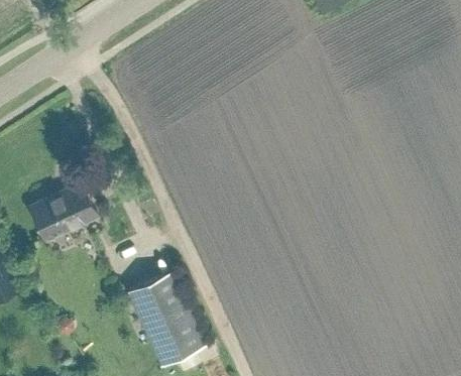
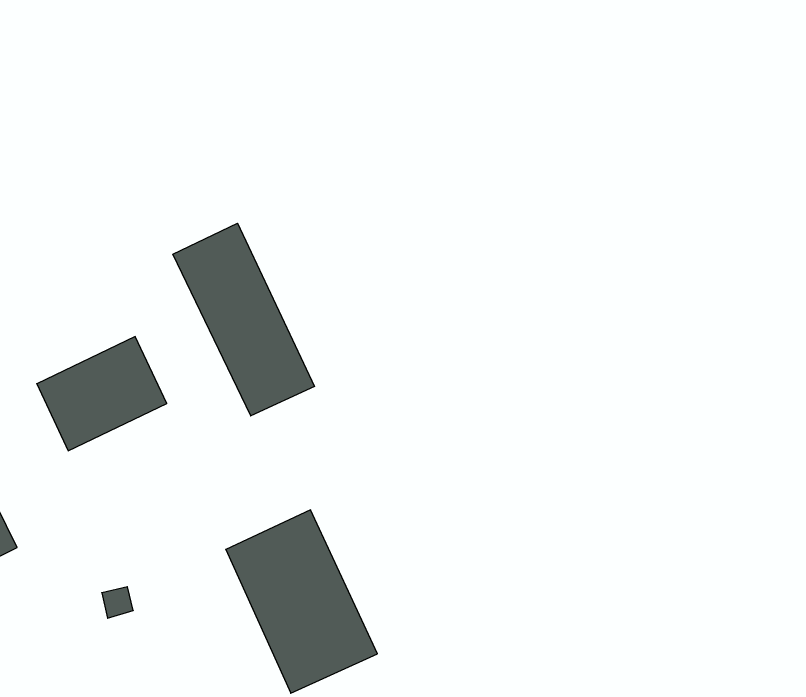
building: none -> [173,223,314,416]

